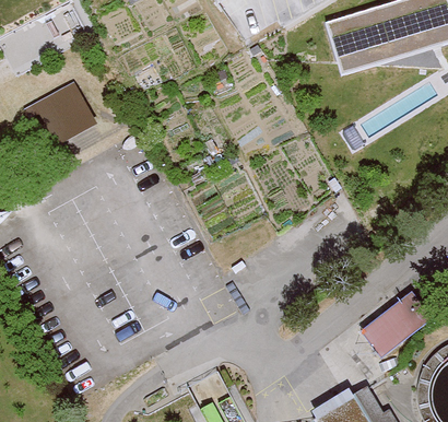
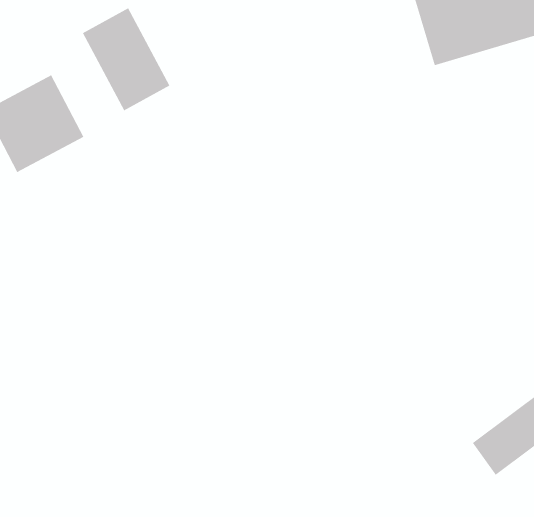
building: none -> [82,7,171,111]

